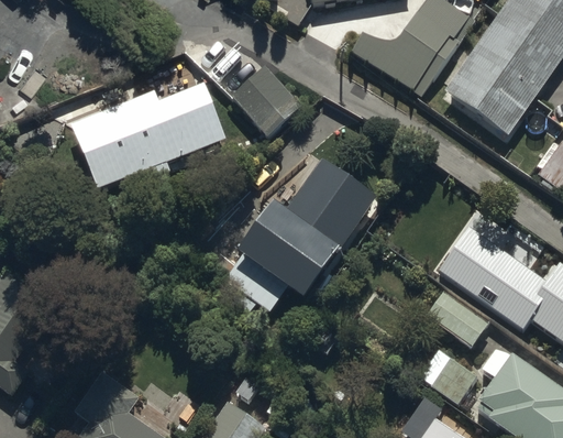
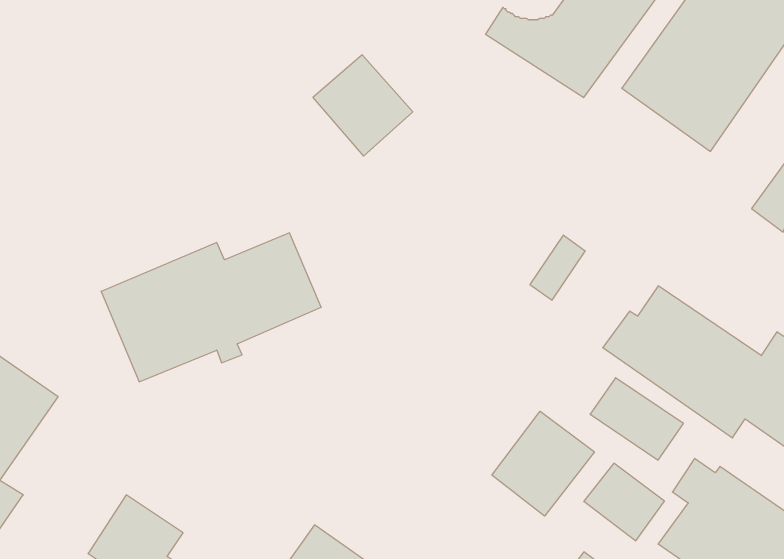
building: [73,85,225,188] -> [101,233,321,382]
building: [227,158,379,313] -> none
building: none -> [492,411,594,516]

